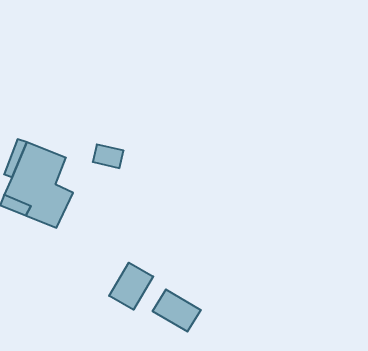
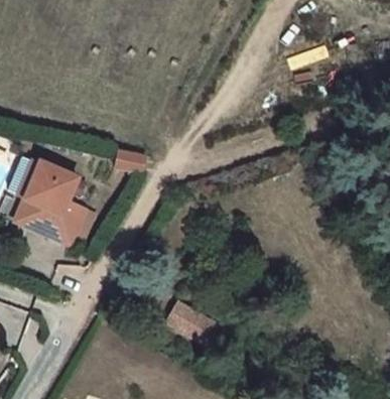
building: [109,263,153,310] -> none

